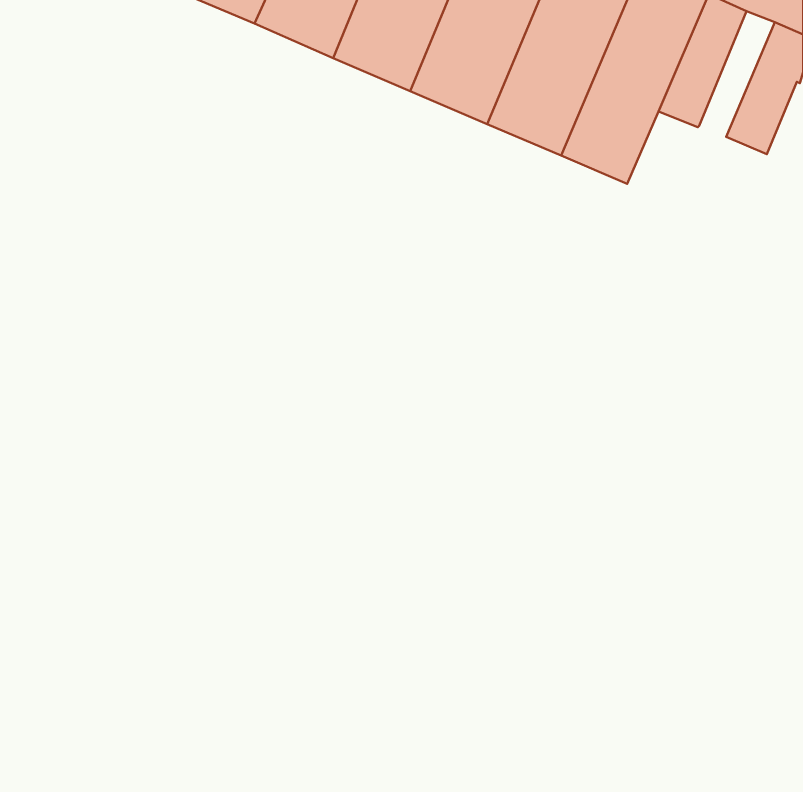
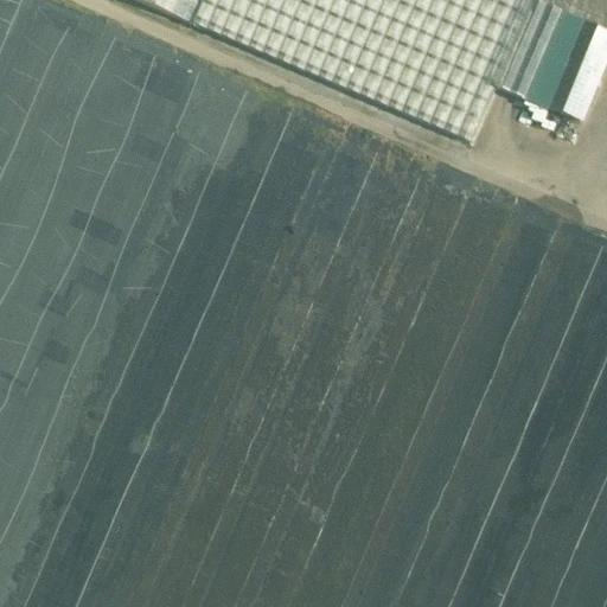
building: none -> [528,8,584,103]

